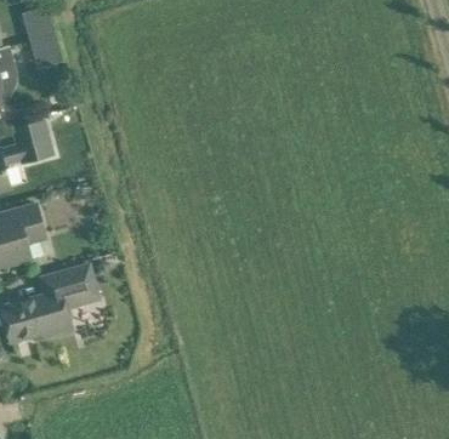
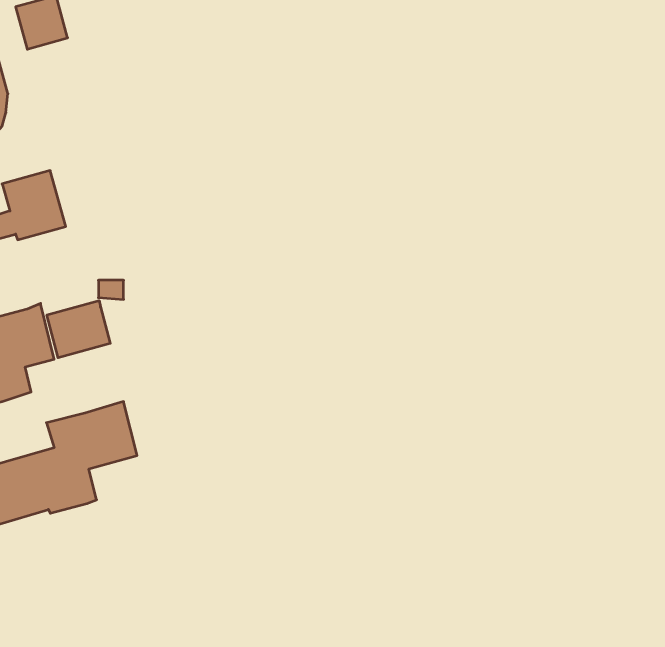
building: [29,35,62,70] -> none
building: none -> [47,301,110,358]

